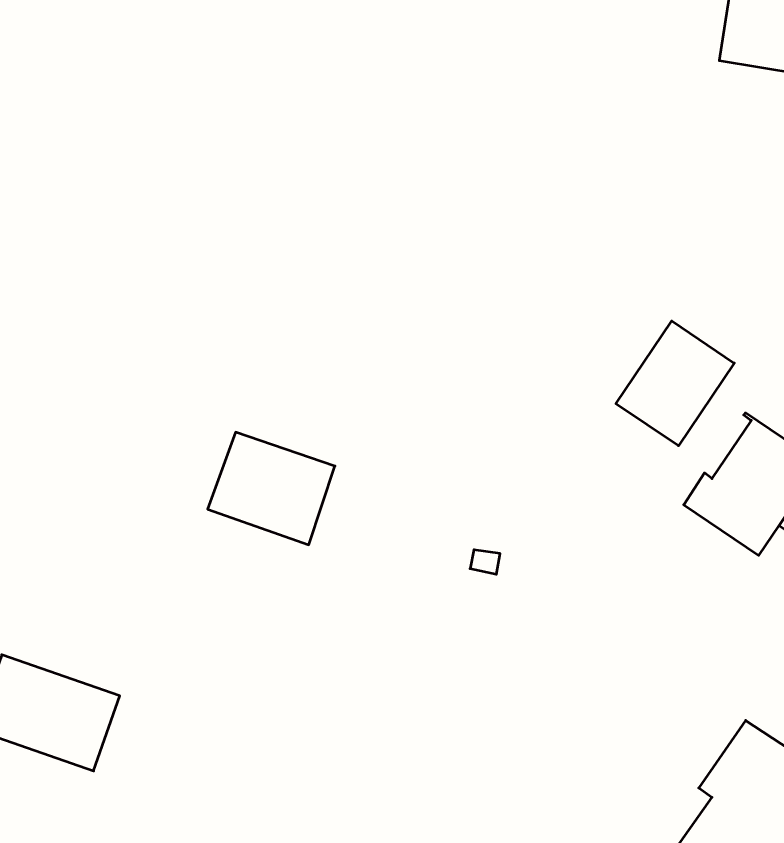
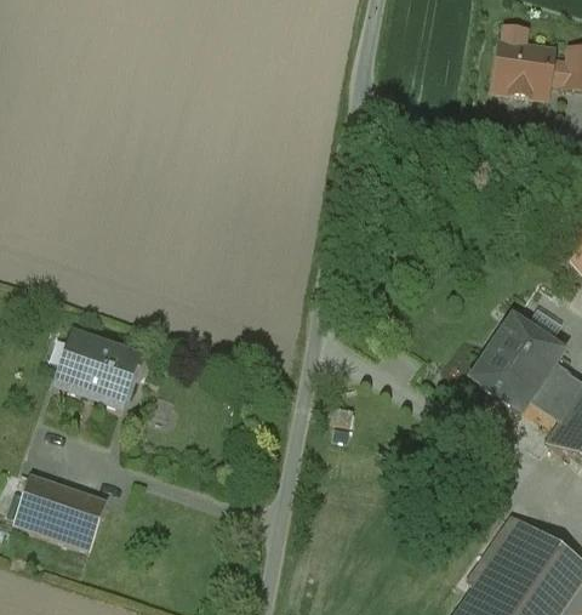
building: [616,321,734,446] -> none
building: [208,432,335,545] -> [55,334,137,406]

